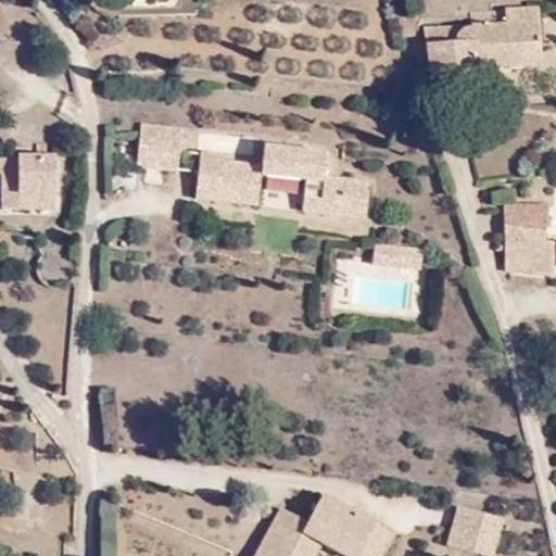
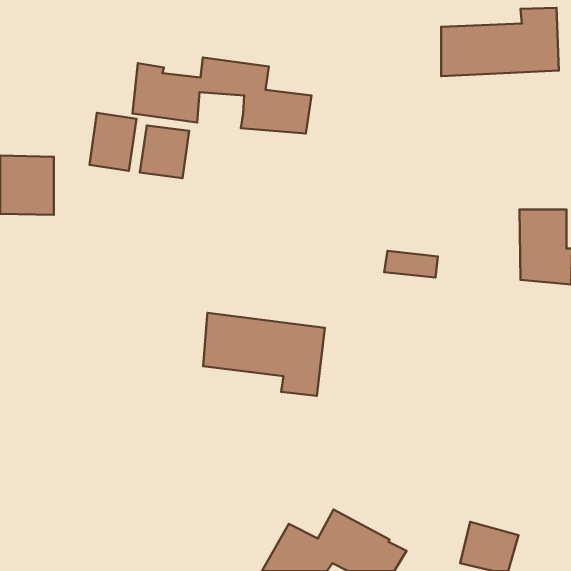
building: none -> [89,113,136,171]
building: [197,144,370,218] -> [132,57,312,134]
building: none -> [203,313,325,396]

